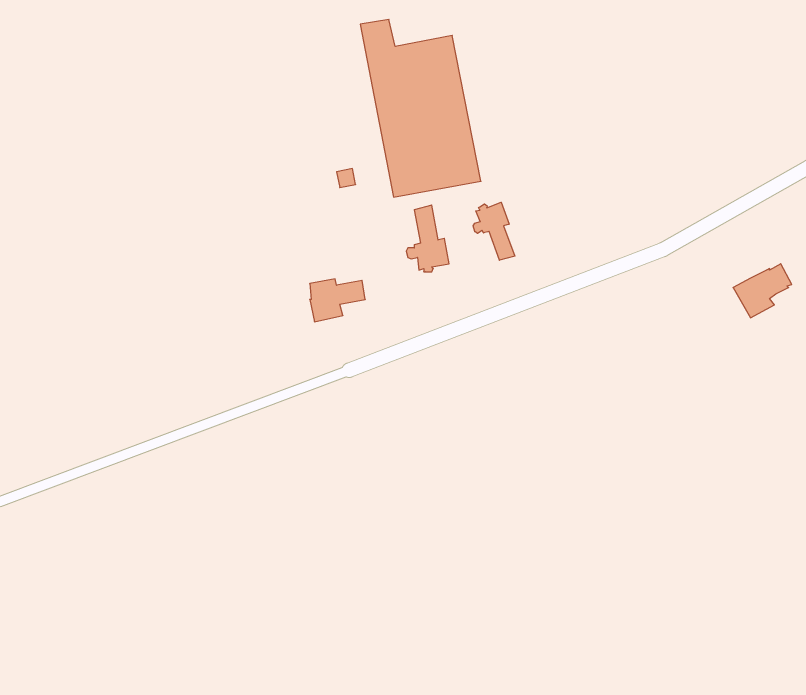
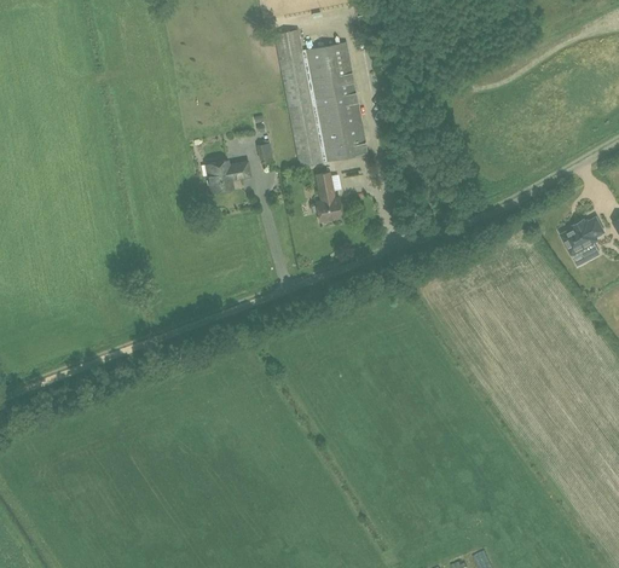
building: [473,202,515,260] -> none
building: [310,279,365,322] -> [208,158,250,191]

